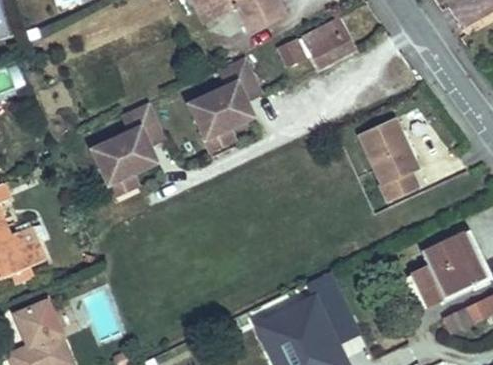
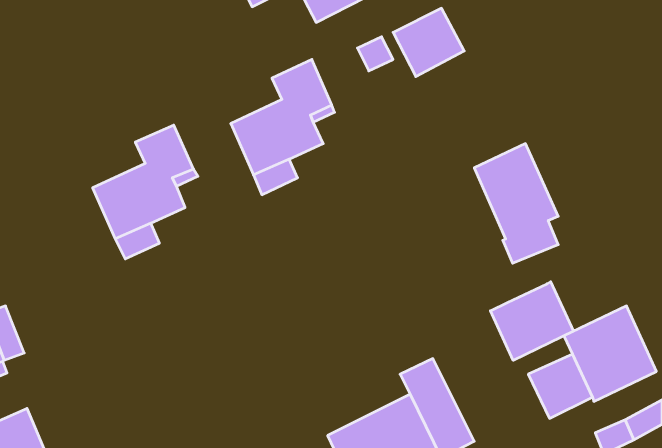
building: none -> [490,282,573,360]

